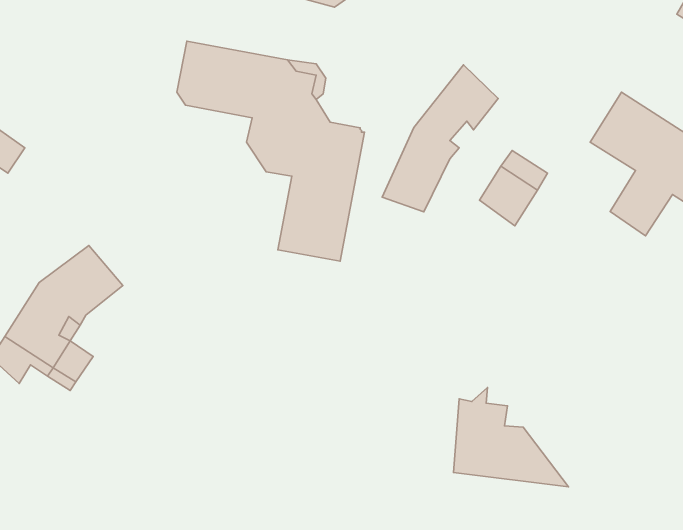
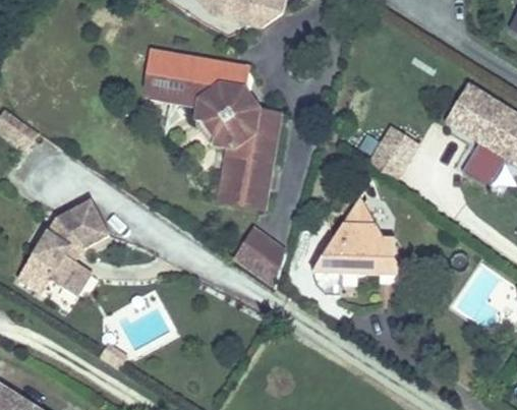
building: [382,65,498,212] -> none
building: none -> [229,222,283,281]
building: [453,387,569,487] -> [320,211,402,282]

